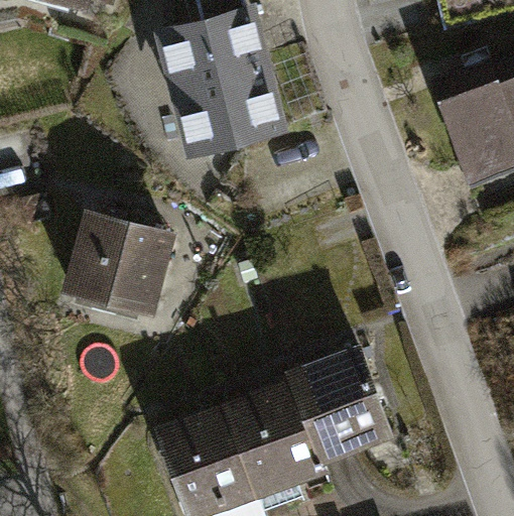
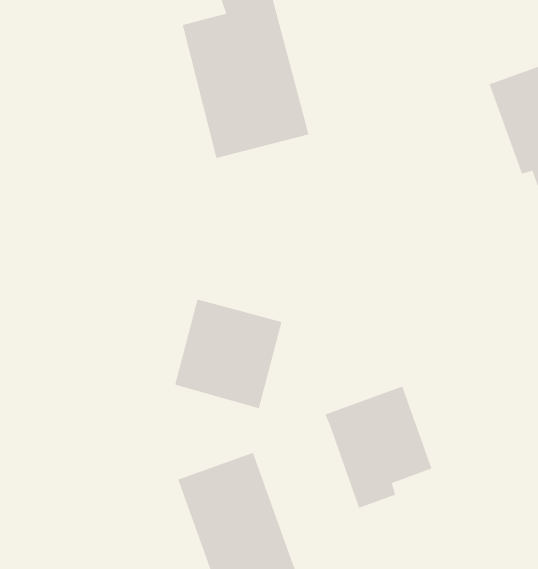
building: [69,216,164,313] -> [174,299,282,409]
building: [226,387,318,510] -> none

